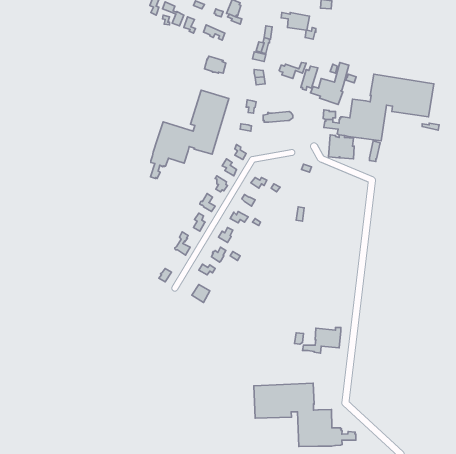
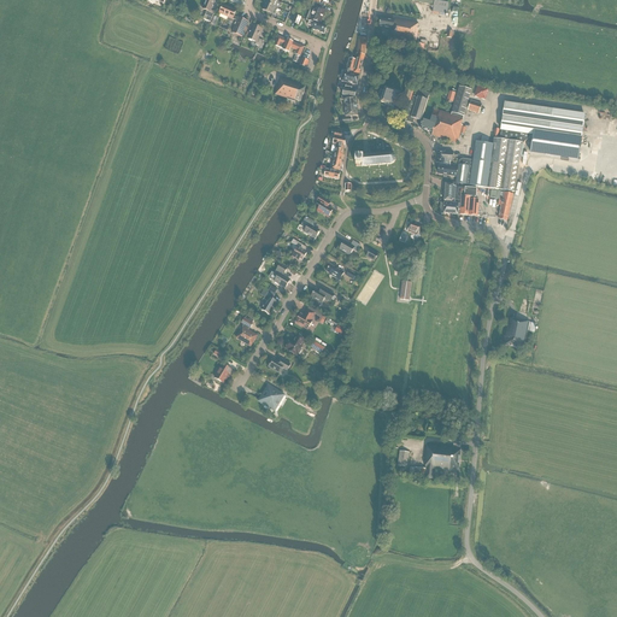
building: [150,90,229,178] -> none
building: none -> [504,316,529,347]
building: [254,383,356,447] -> none

